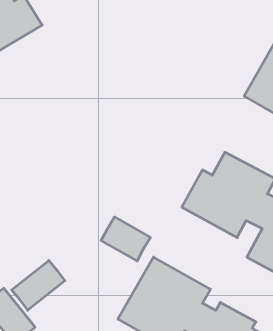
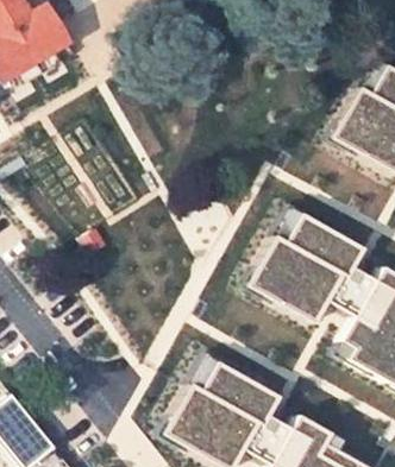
building: [101,217,150,261] -> none
building: [12,260,65,310] -> none

